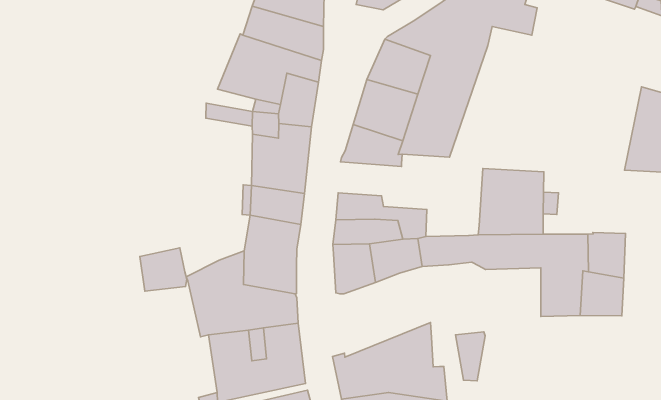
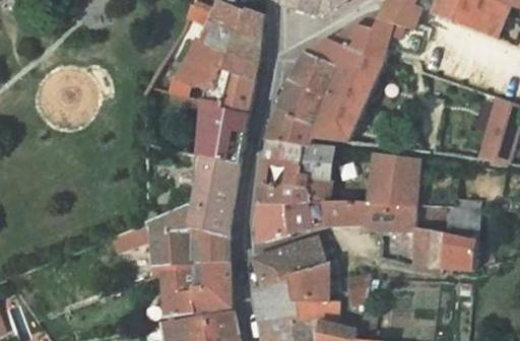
building: none -> [263,141,334,181]
building: [140,248,187,291] -> none
building: none -> [251,236,327,288]

